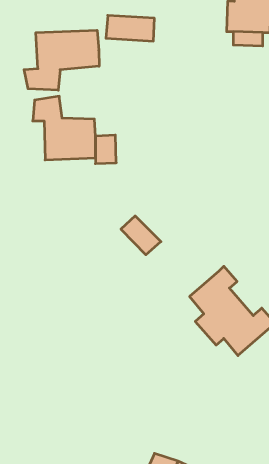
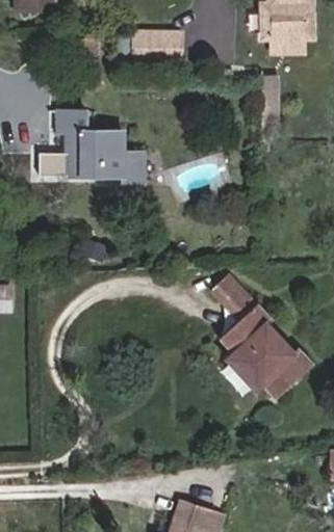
building: [24,30,99,90] -> none
building: [121,216,161,255] -> [211,274,255,317]

